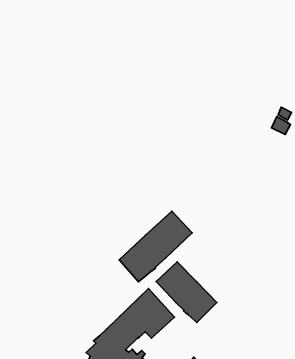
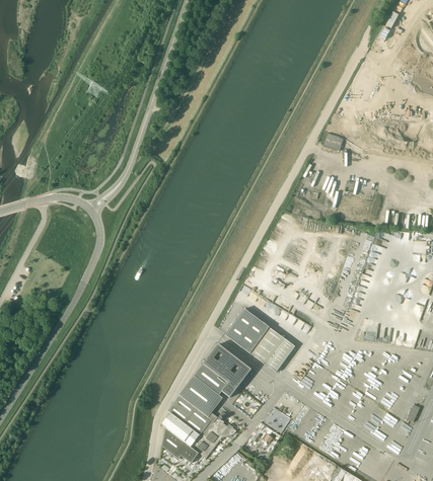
building: [119,211,192,282] -> none

